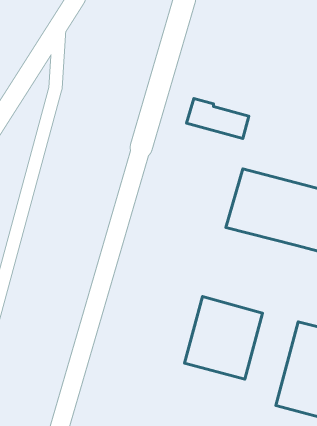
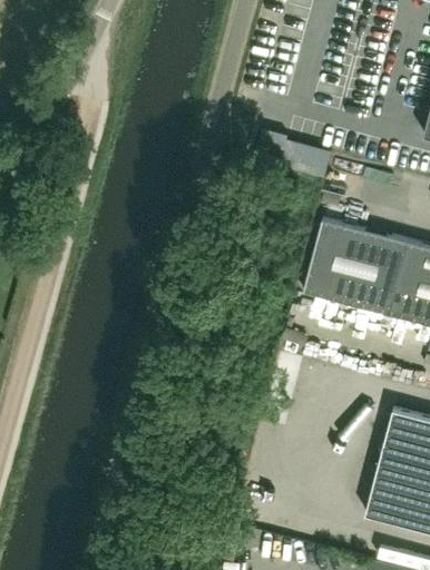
building: [185,297,262,379] -> none

